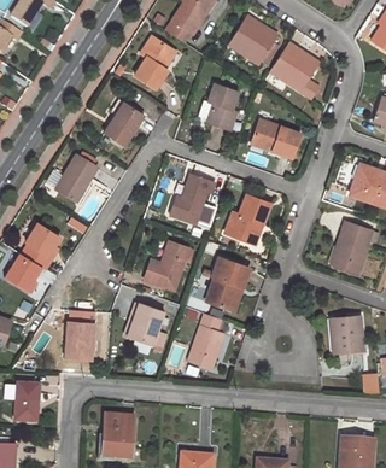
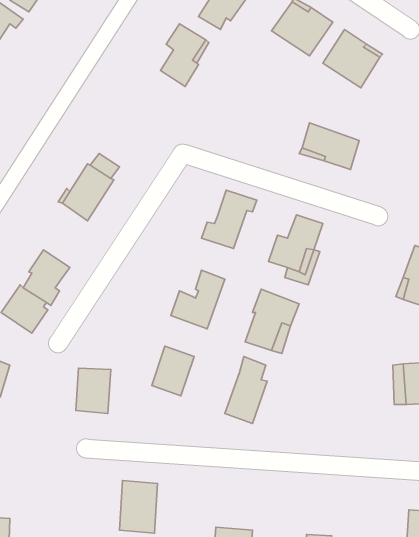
building: [206,83,238,129] -> none
building: [104,98,145,146] -> none
building: [13,381,39,420] -> none

